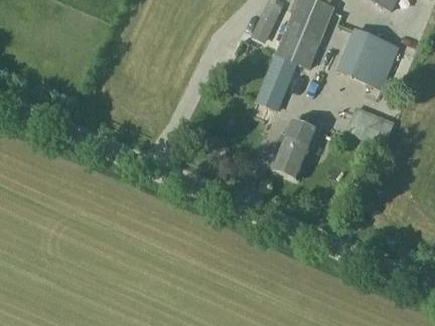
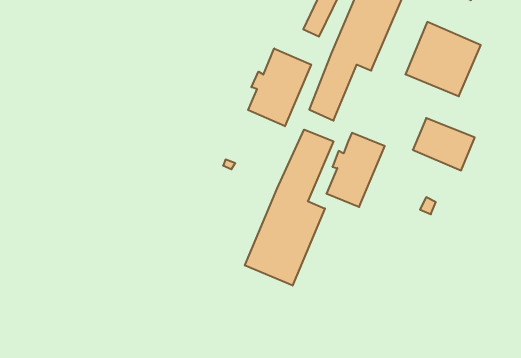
building: none -> [248,48,311,126]
building: none -> [245,130,333,286]

